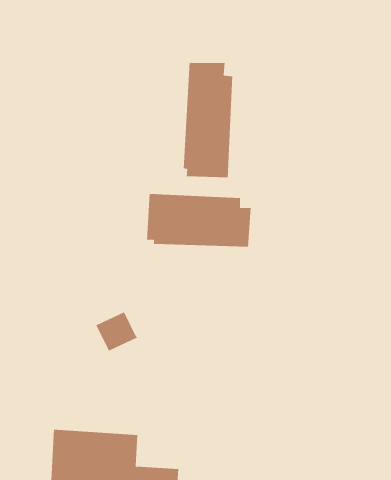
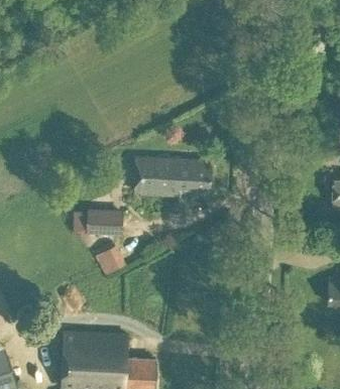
building: [183,62,233,178] -> none
building: none -> [85,209,119,234]

